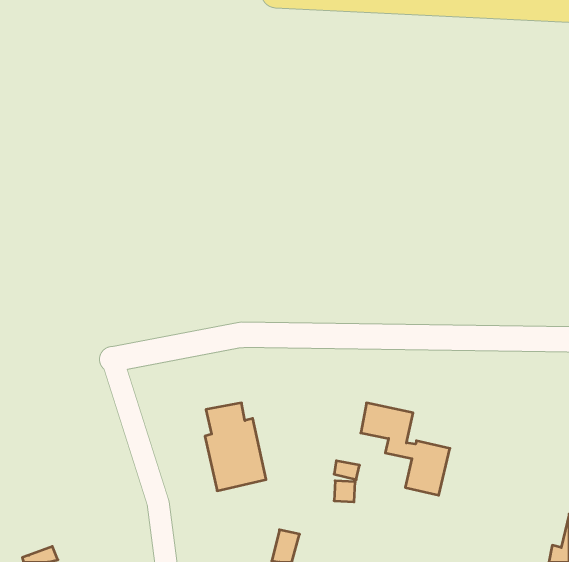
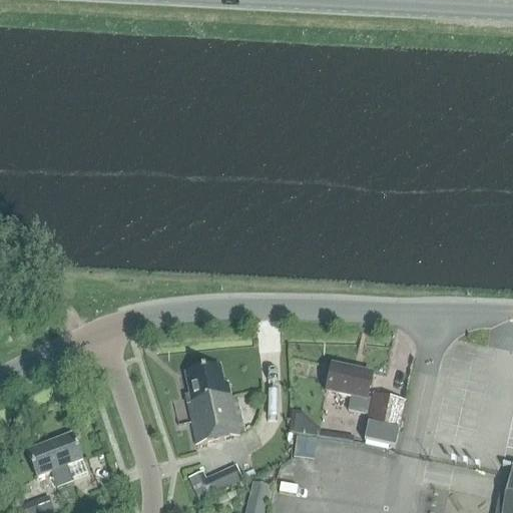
building: none -> [26,431,81,484]
building: none -> [187,463,241,497]

